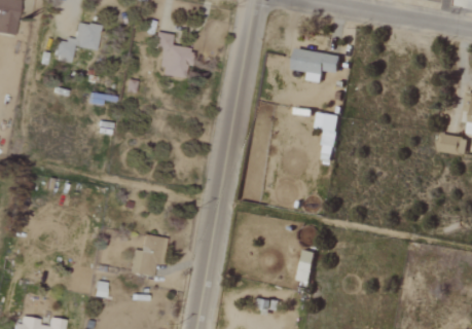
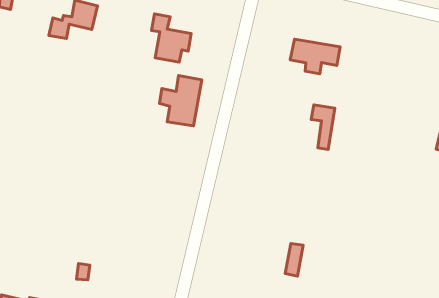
building: none -> [160,76,202,126]
building: [134,233,167,276] -> none

